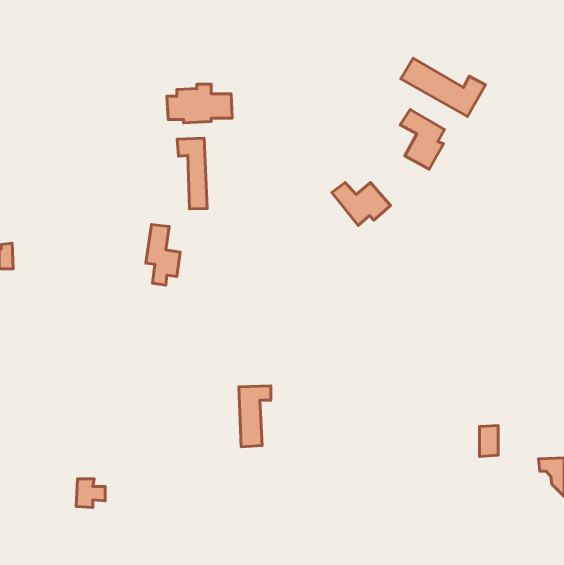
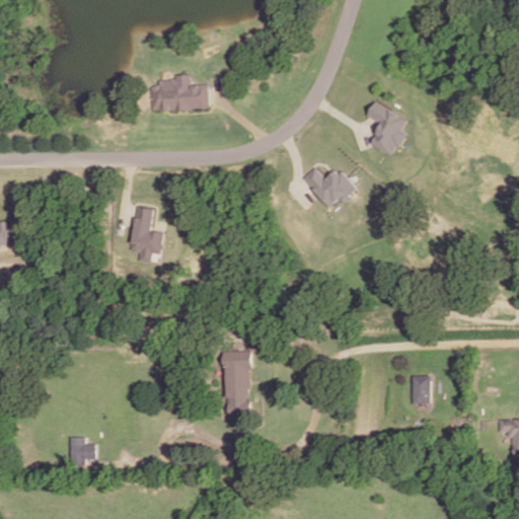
building: [401,58,485,117] -> none
building: [177,138,207,209] -> none
building: [479,425,498,456] -> [409,376,426,404]

